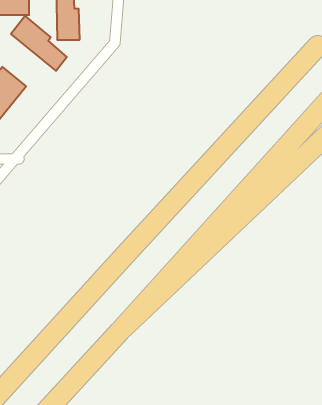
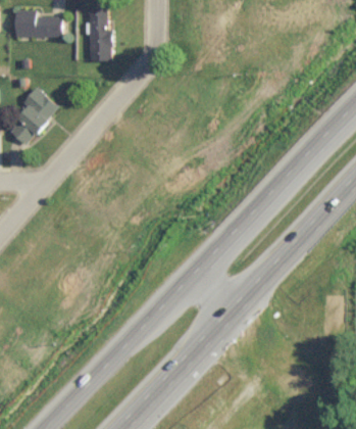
building: [11,16,67,71] -> none

